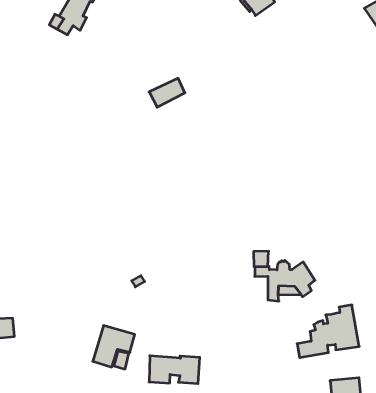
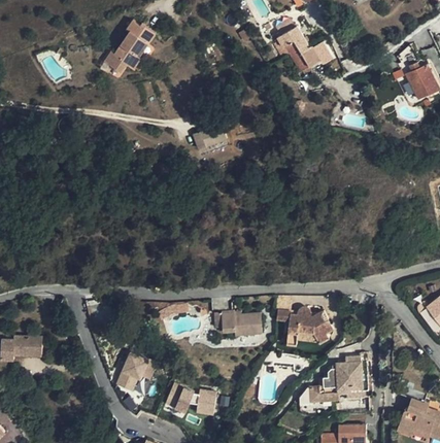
building: none -> [209,303,261,335]

